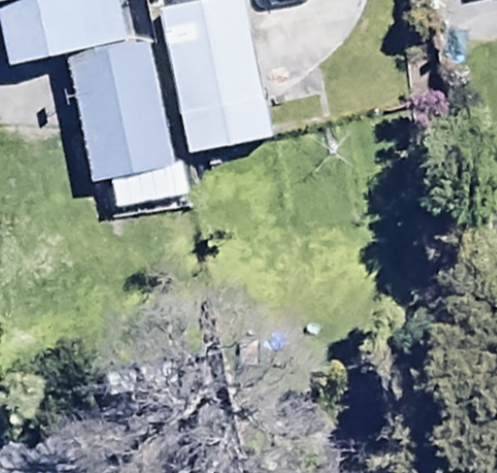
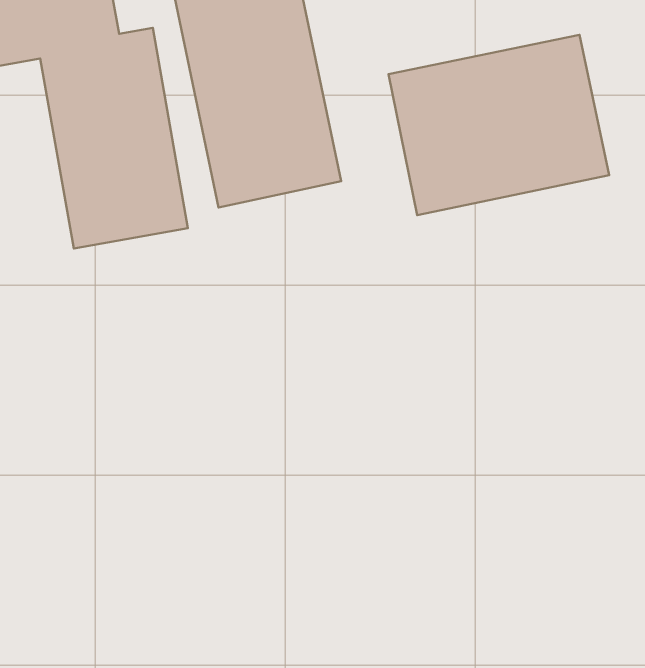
building: none -> [389,35,609,215]

